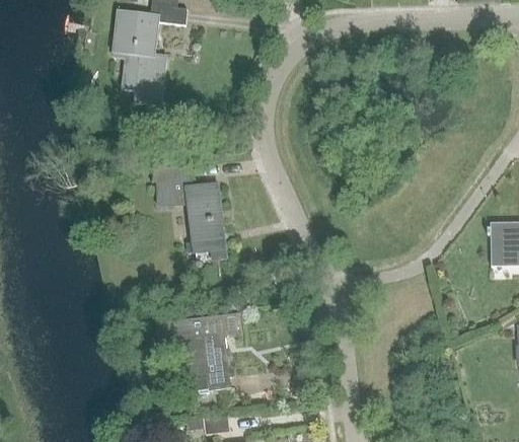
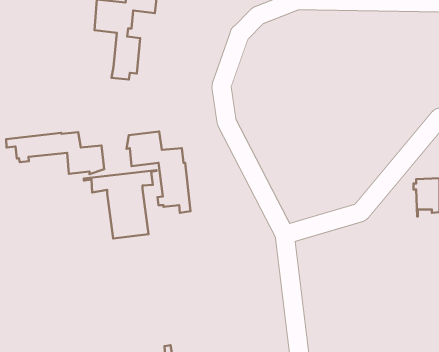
building: none -> [6,132,104,174]
building: [155,312,240,392] -> [84,170,156,238]

